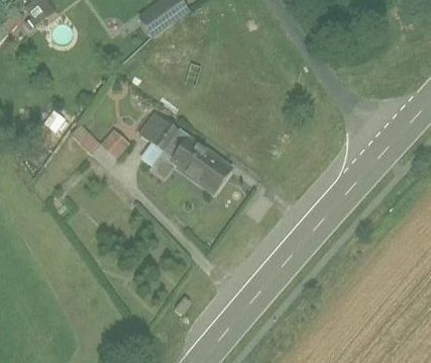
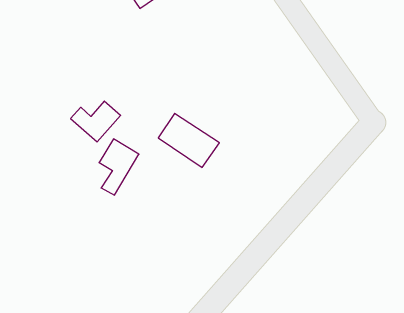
building: [140,109,180,165] -> [99,139,139,195]

